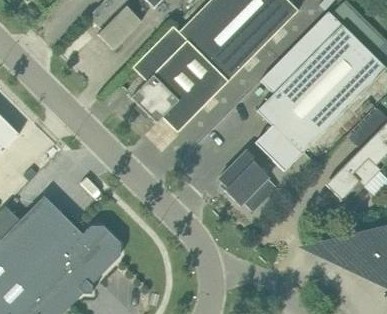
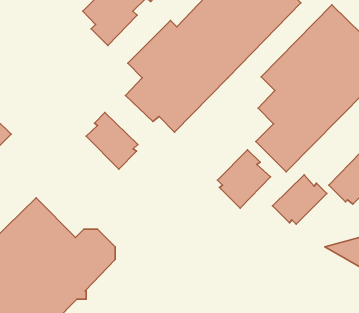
building: none -> [86,112,138,169]
building: none -> [272,175,327,224]

